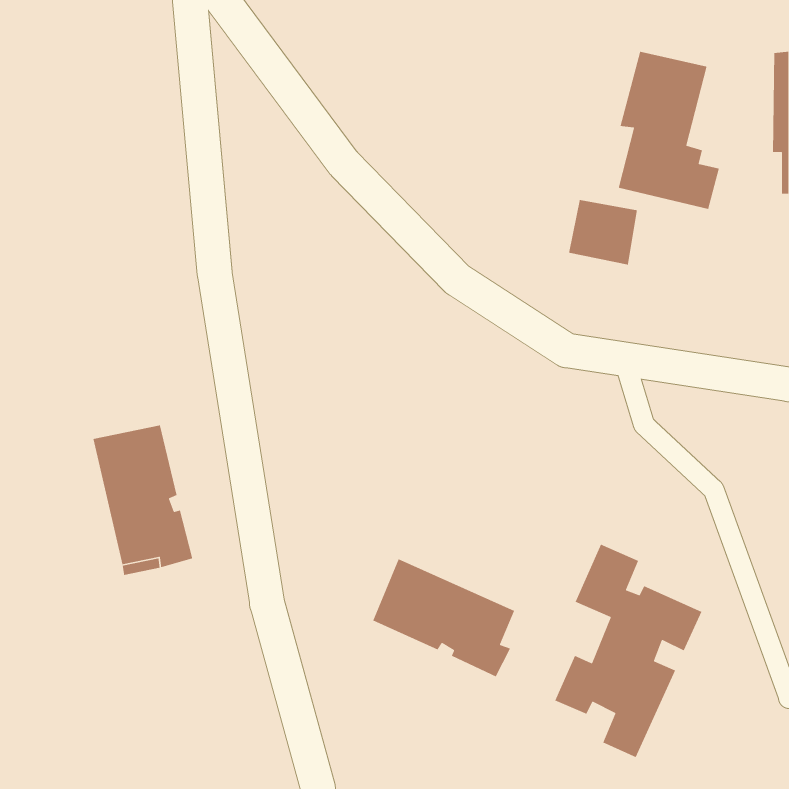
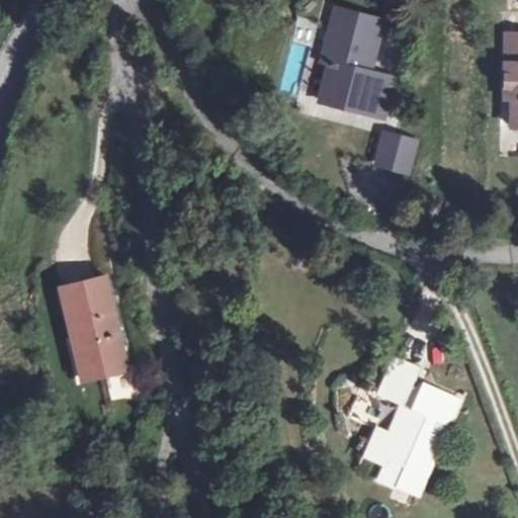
building: [618,51,720,210] -> [323,13,390,117]
building: [372,558,515,678] -> none

